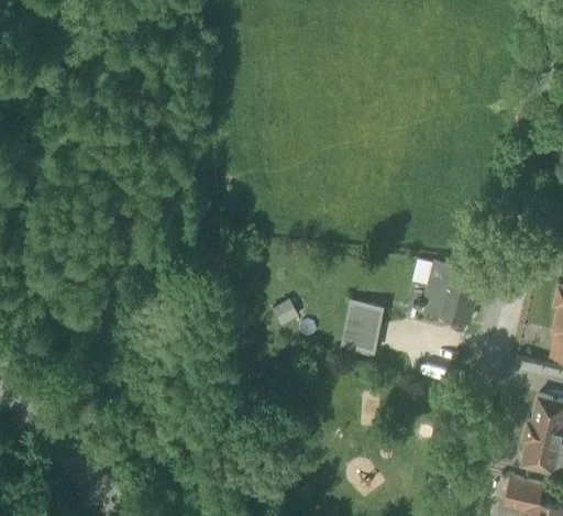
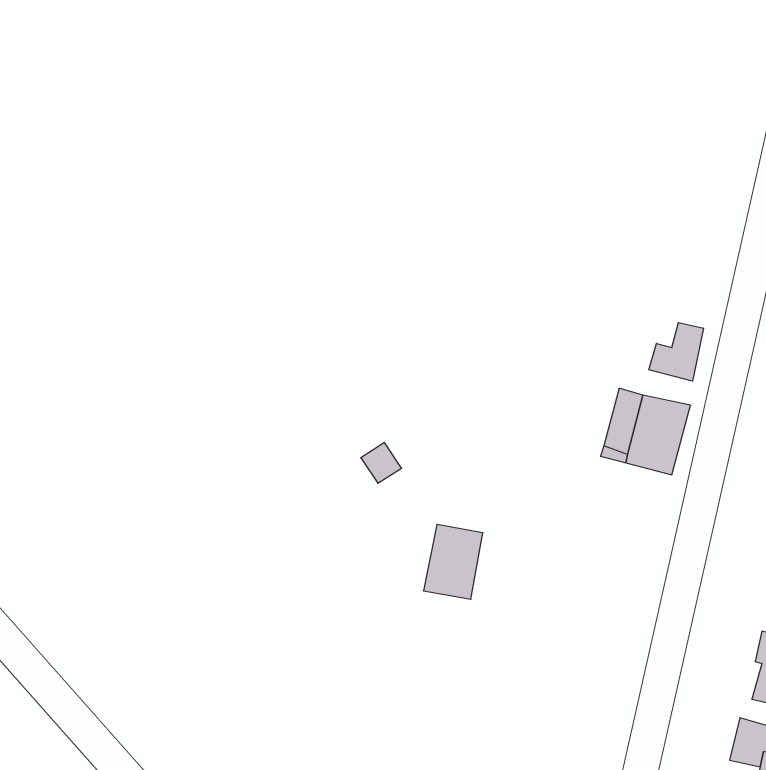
building: none -> [649,323,703,381]
building: [343,305,382,353] -> [423,524,483,599]

